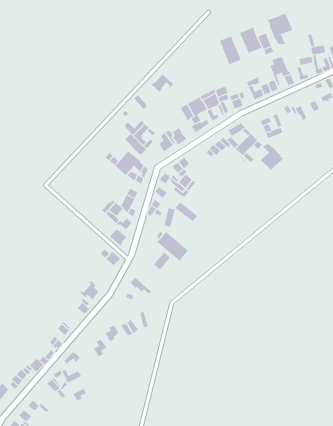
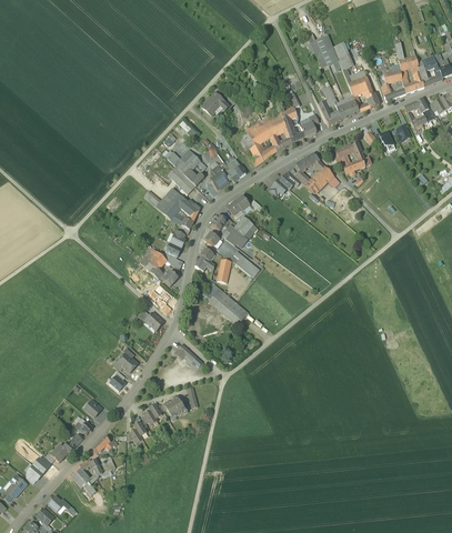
building: [267,12,293,45] -> none
building: [219,36,242,65] -> none
building: [260,143,284,171] -> none

